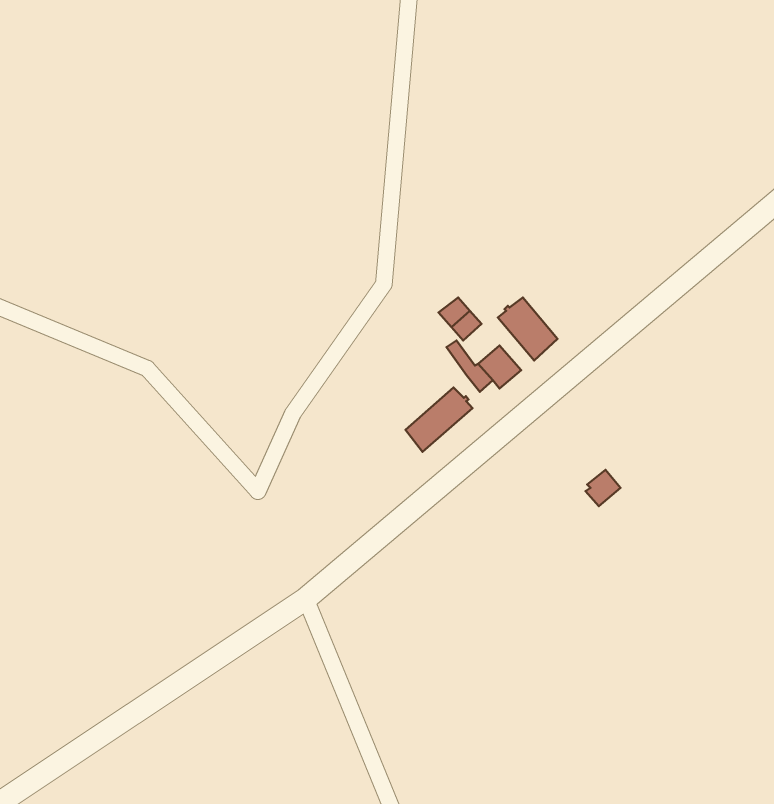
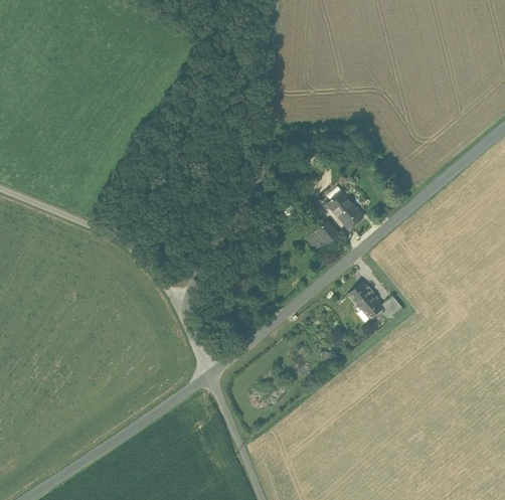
building: [406,388,473,452] -> none
building: none -> [349,283,383,318]

